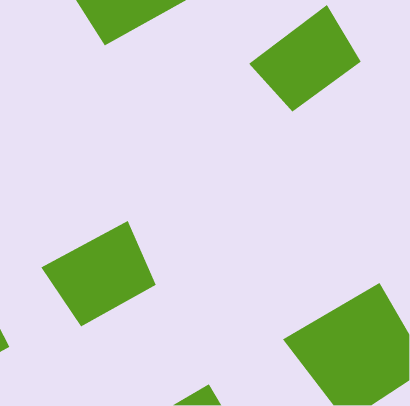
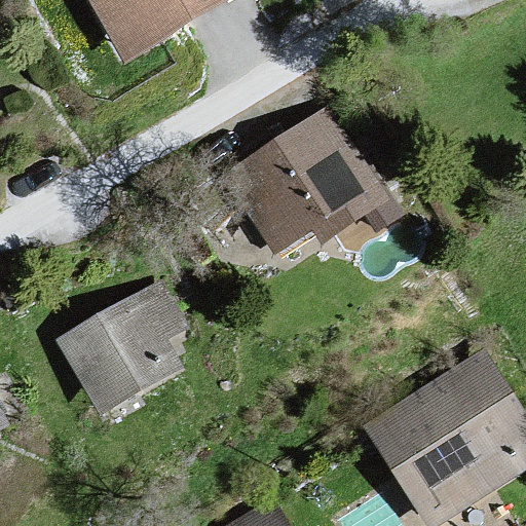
building: [248,4,362,113] -> none
building: none -> [223,102,402,250]

